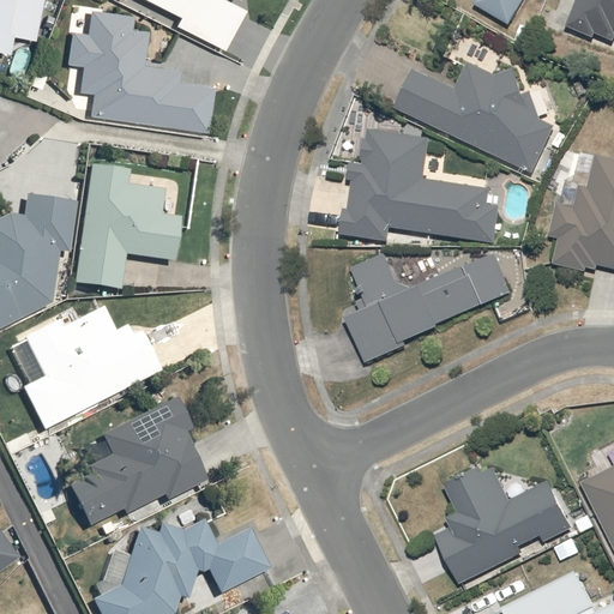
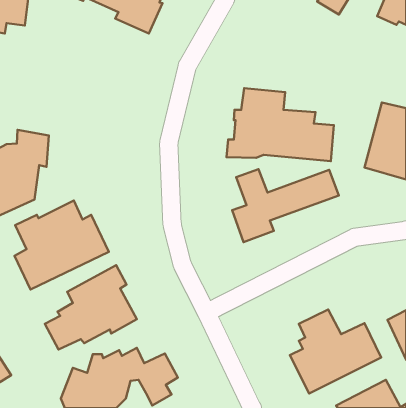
building: [67,12,210,130] -> none
building: [398,59,555,171] -> none
building: [73,168,179,288] -> none

